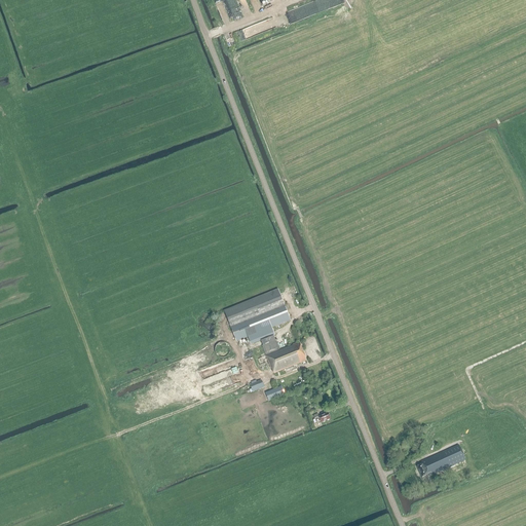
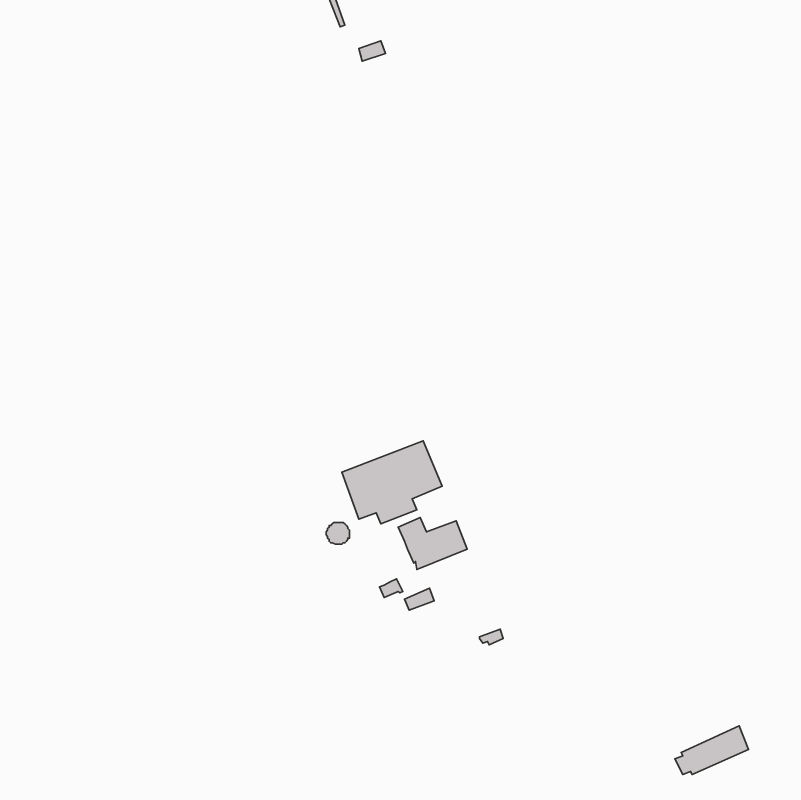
building: [416,444,464,476] -> [675,726,749,775]

